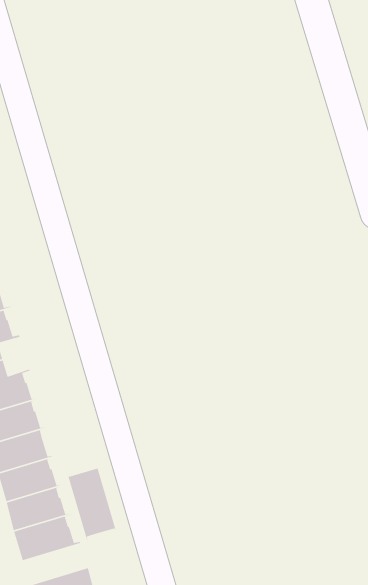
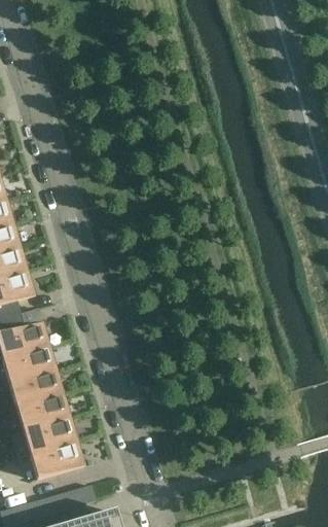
building: [67,468,119,546] -> none

